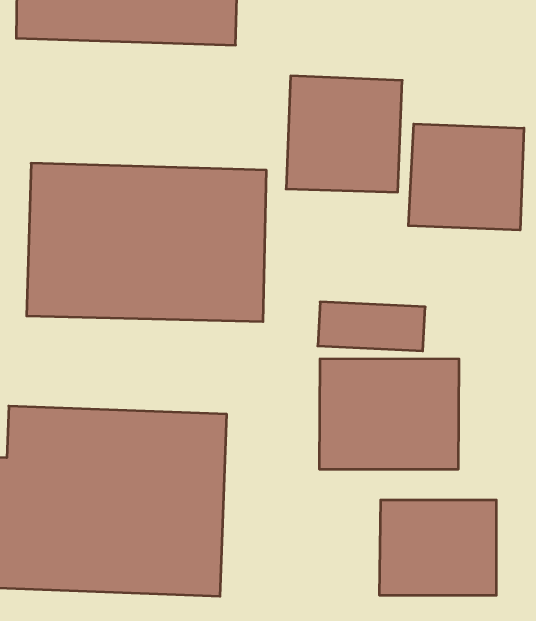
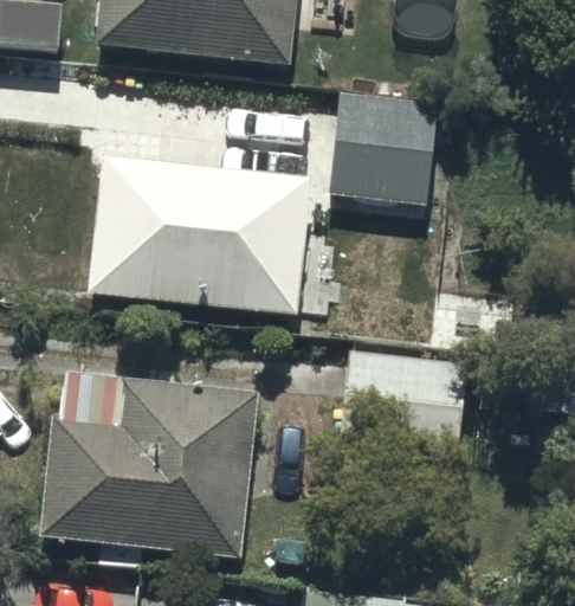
building: [408,124,524,230] -> none
building: [380,500,496,595] -> none

